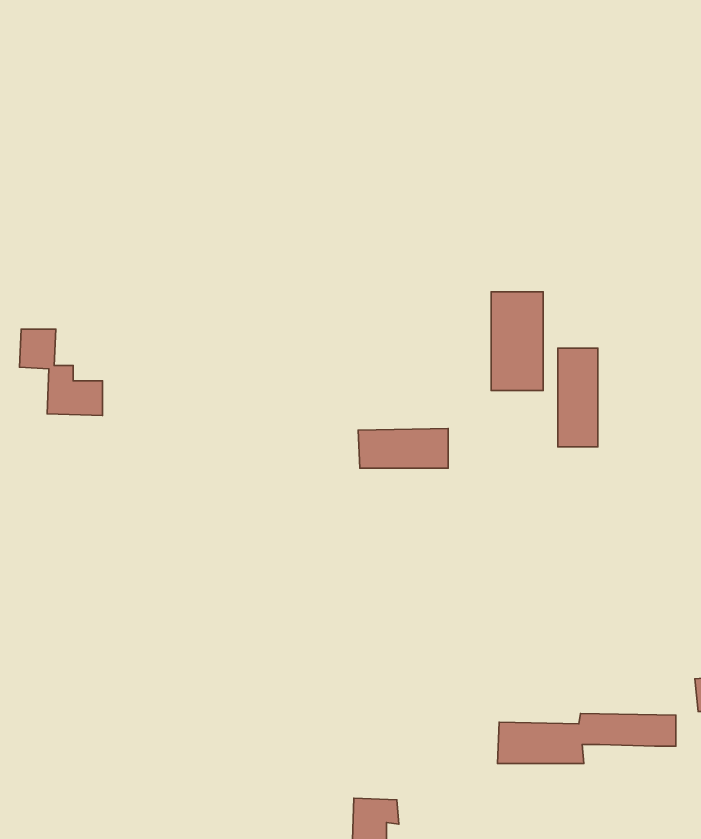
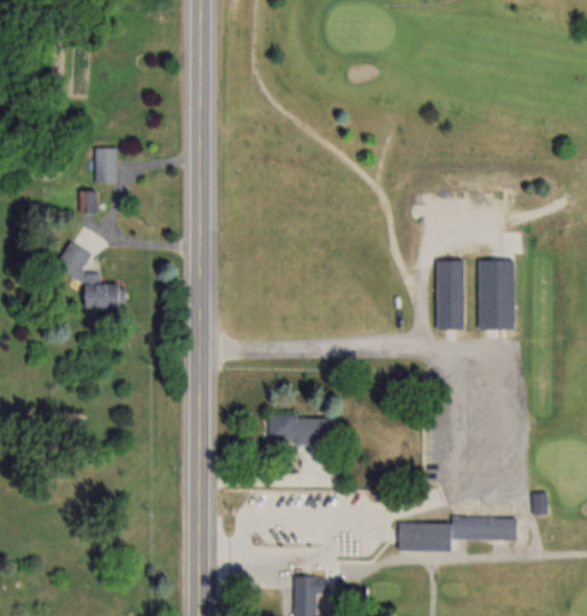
building: none -> [95,149,115,185]
building: [491,292,543,390] -> [479,261,515,330]
building: [358,428,448,468] -> [267,416,330,444]

